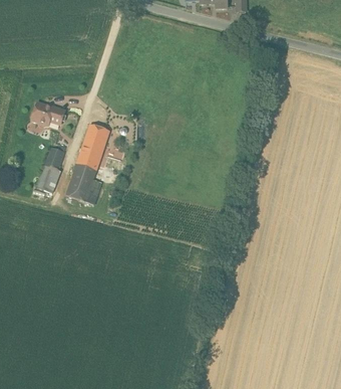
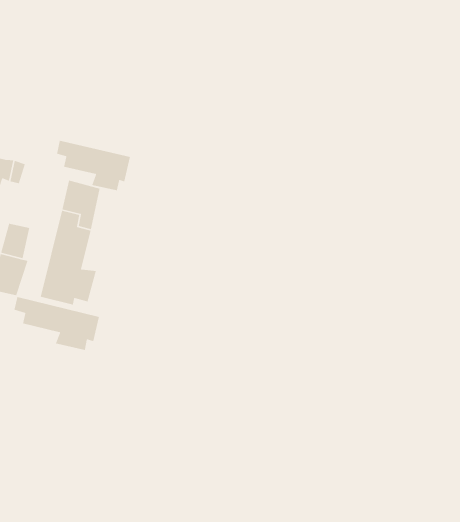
building: none -> [56,140,131,191]
building: none -> [14,296,100,351]

